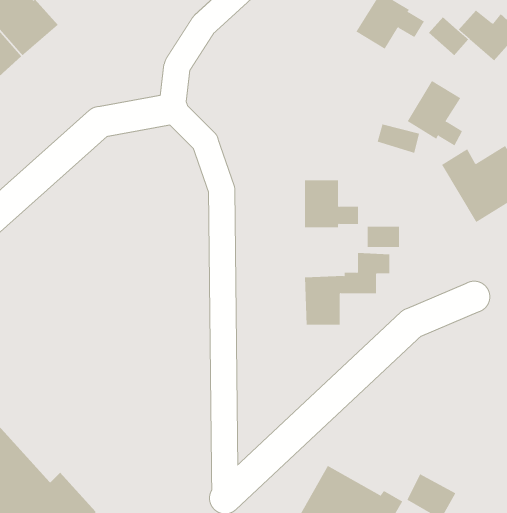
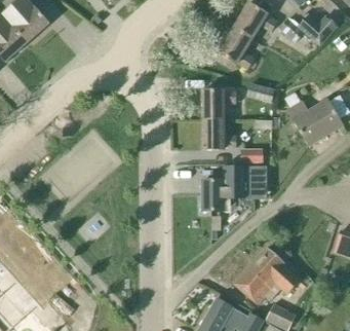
building: [407,80,463,146] -> [218,27,252,68]
building: none -> [201,90,235,119]
building: none -> [234,247,300,303]

